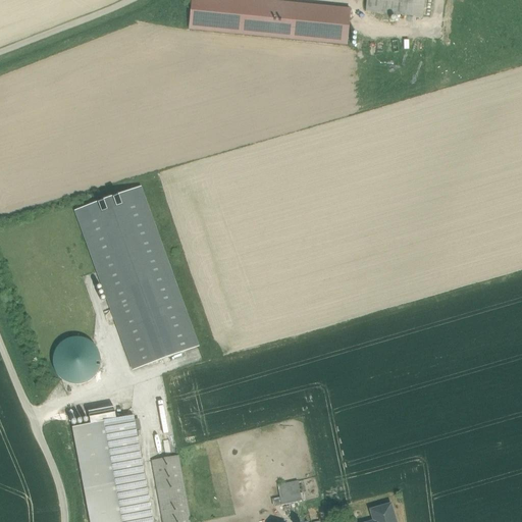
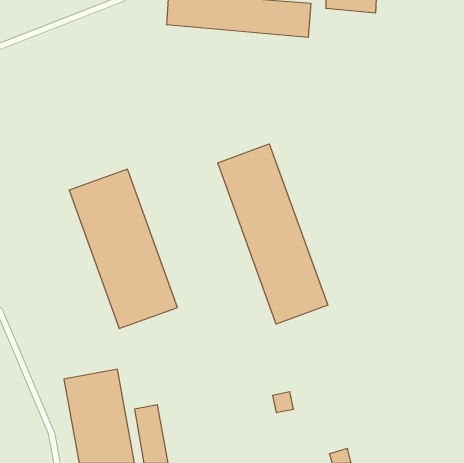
building: none -> [218,144,328,324]
building: [52,336,97,380] -> none
building: [276,480,300,504] -> [273,392,294,413]

